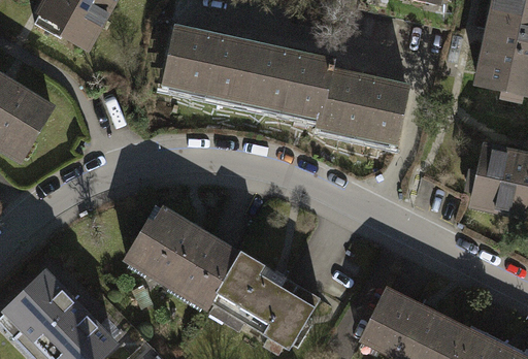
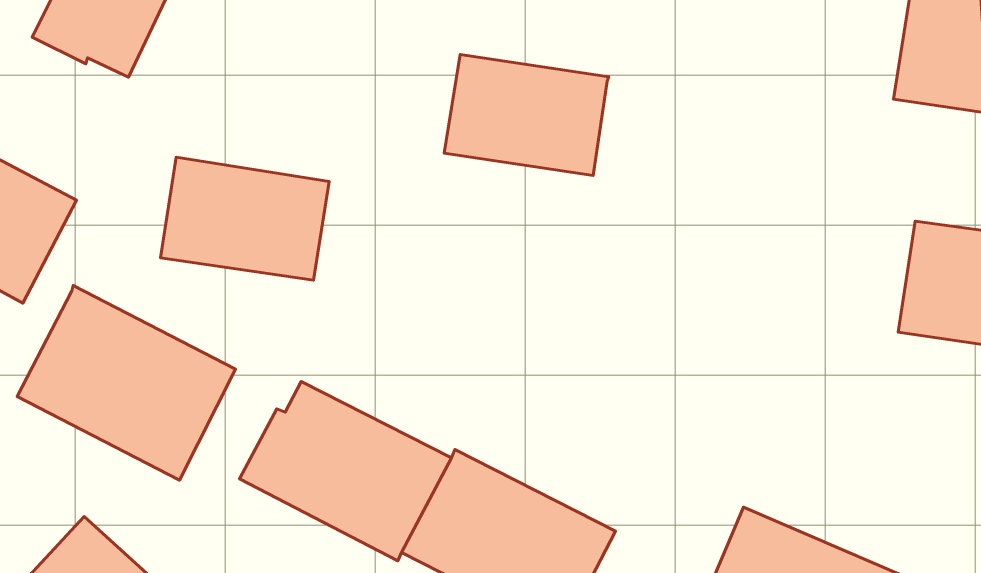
building: [165,28,255,96] -> [161,157,329,280]
building: [318,64,406,137] -> none
building: none -> [17,285,236,480]

